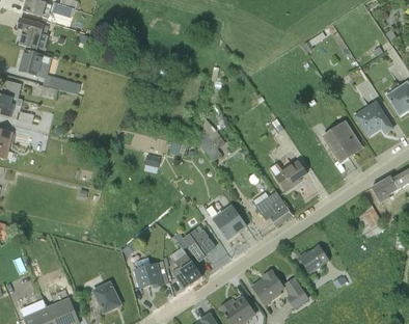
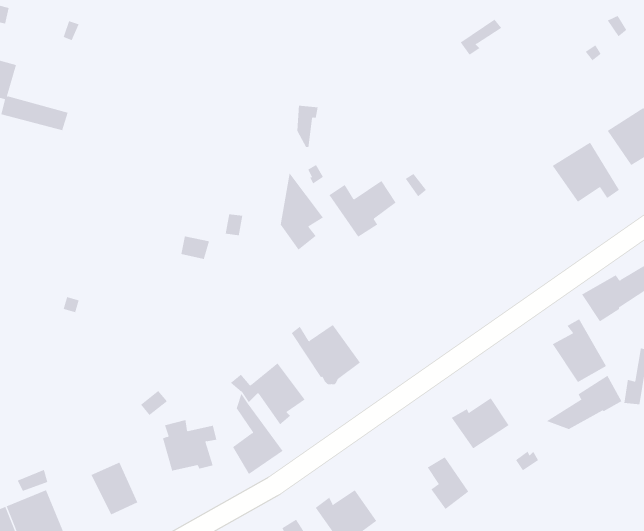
building: [323,120,360,161] -> none
building: [268,160,306,192] -> [329,180,397,237]
building: [253,191,292,226] -> none
building: none -> [546,375,622,430]
building: [252,270,284,305] -> none

